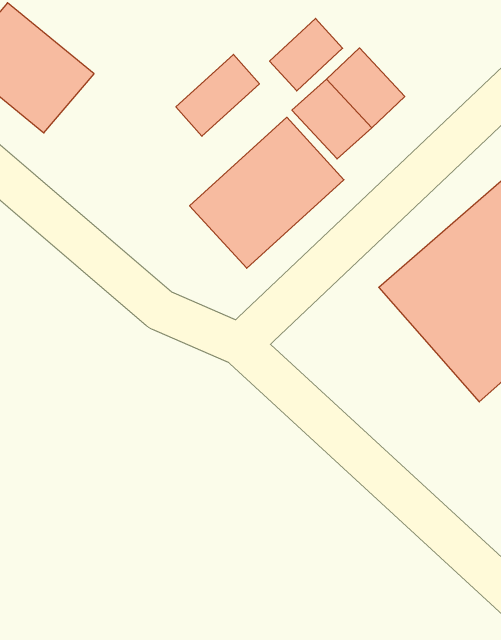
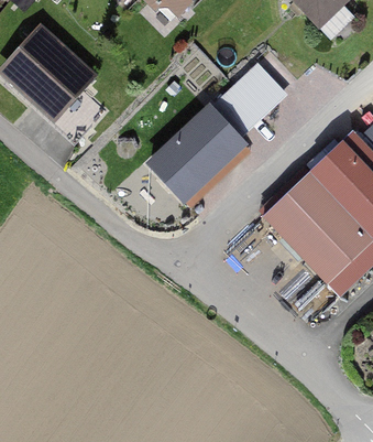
building: [270,18,343,91] -> none
building: [176,54,259,136] -> none

